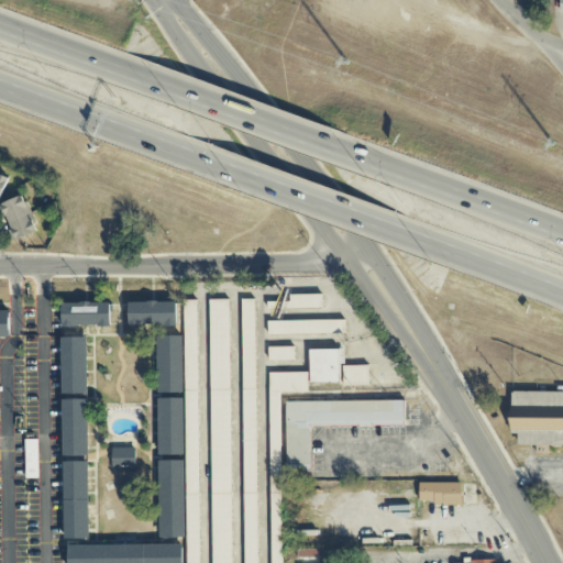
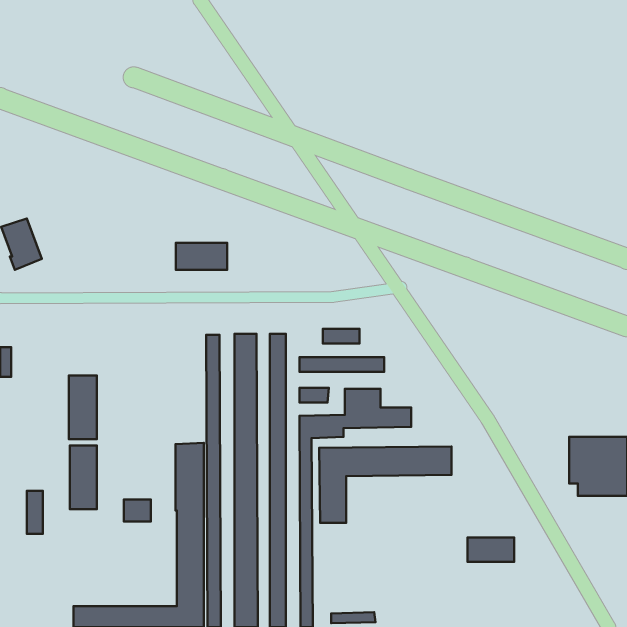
building: [62,301,110,325] -> none
building: [129,301,175,325] -> [176,243,227,270]
building: [156,335,181,393] -> none
building: [63,461,89,540] -> none

